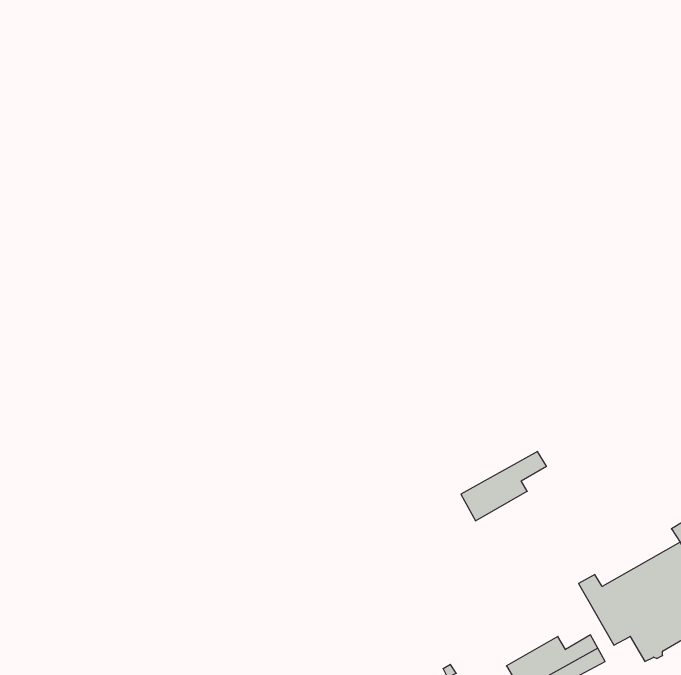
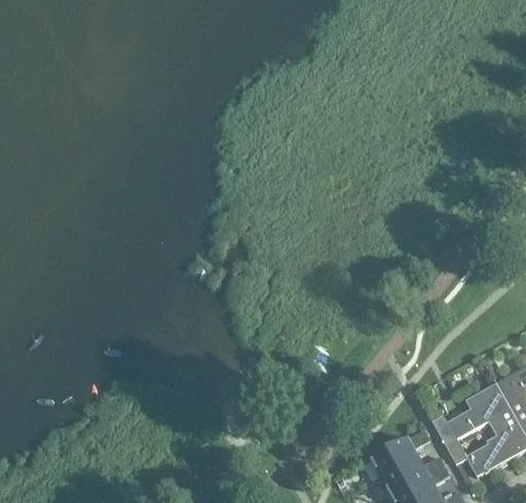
building: [461,451,546,521] -> [371,430,430,478]

